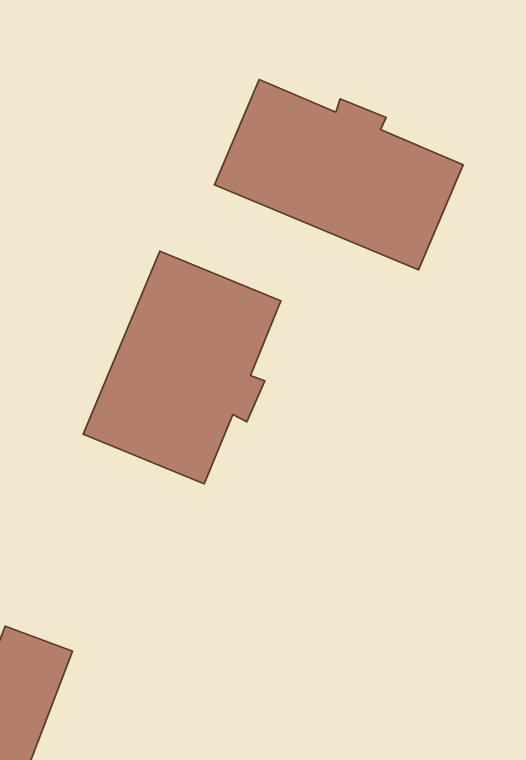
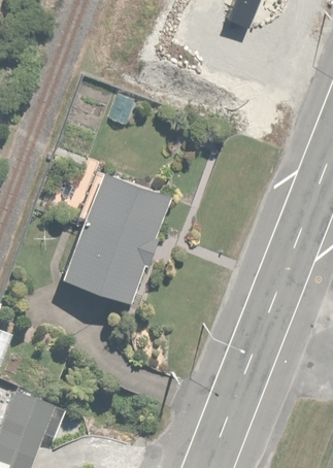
building: [214,80,463,270] -> none

